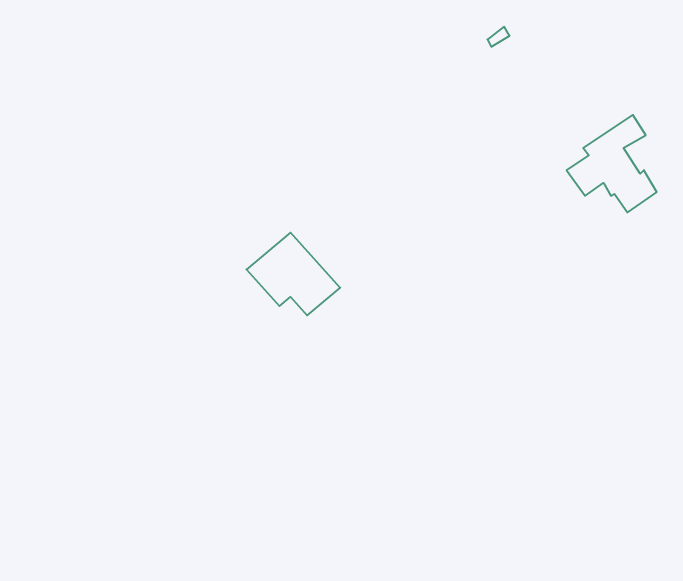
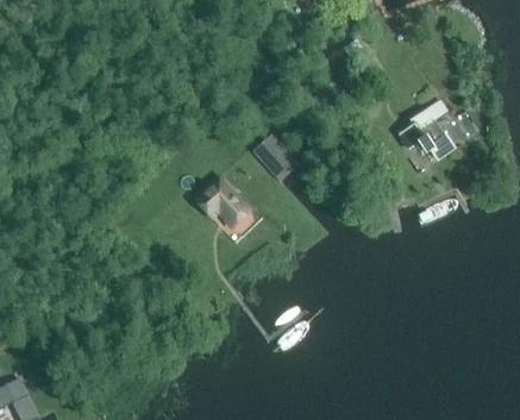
building: none -> [255,133,299,180]

